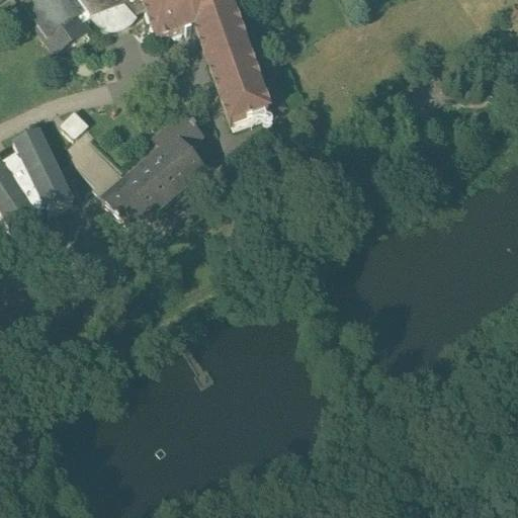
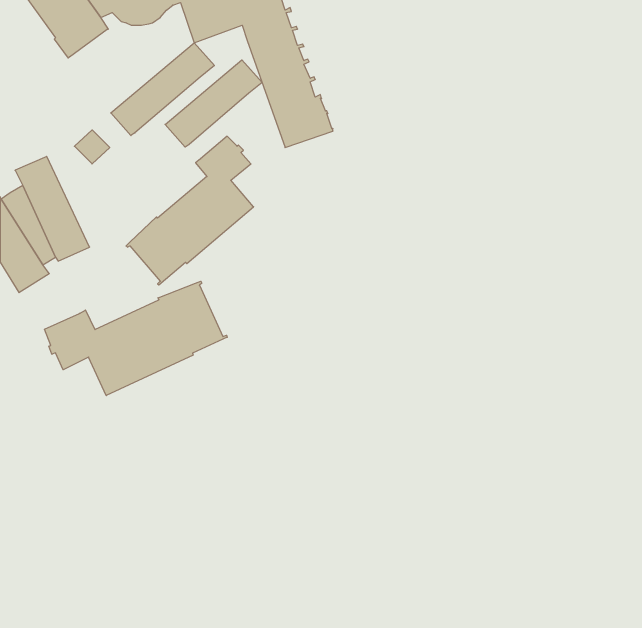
building: none -> [111,43,214,136]
building: none -> [165,60,262,147]
building: none -> [45,281,227,396]

